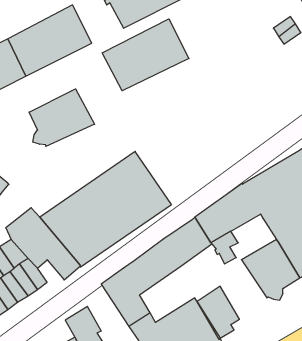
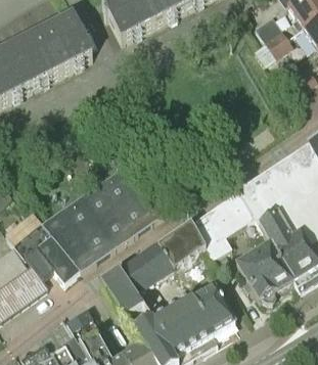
building: [102,19,189,91] -> none
building: [29,89,95,146] -> none

